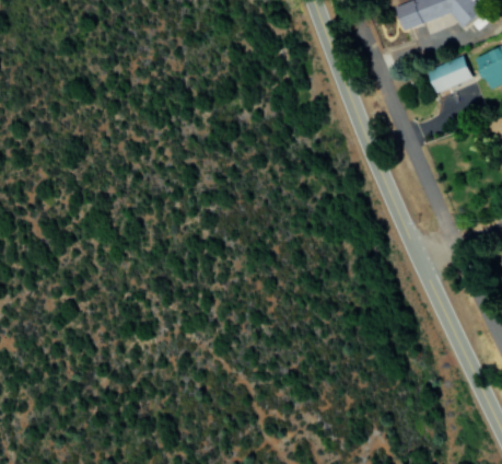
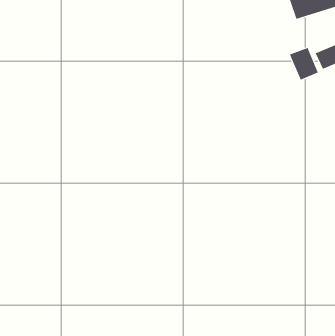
building: none -> [289,47,318,80]

